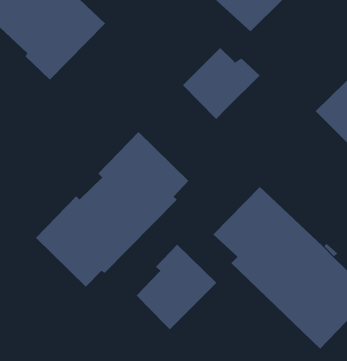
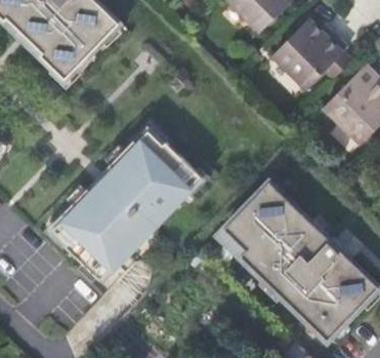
building: [182,47,260,120] -> [272,22,348,92]
building: [136,244,217,330] -> none

